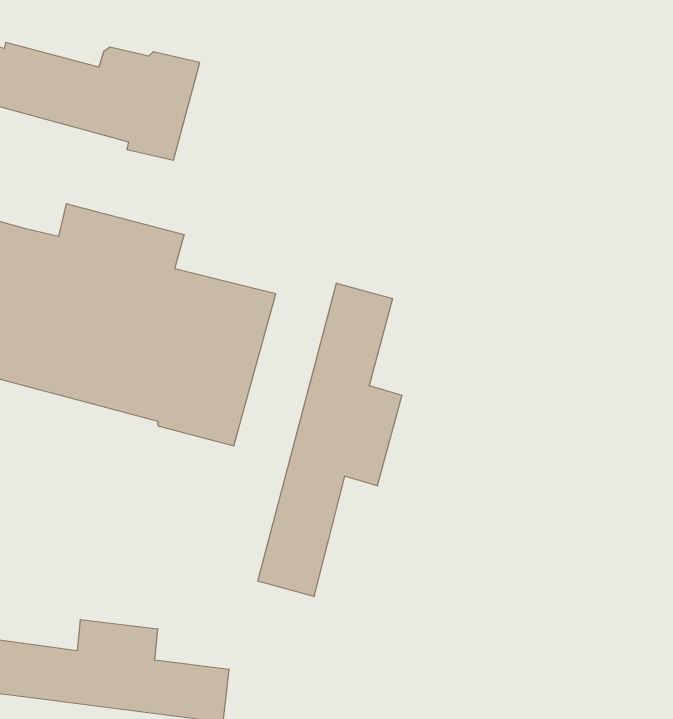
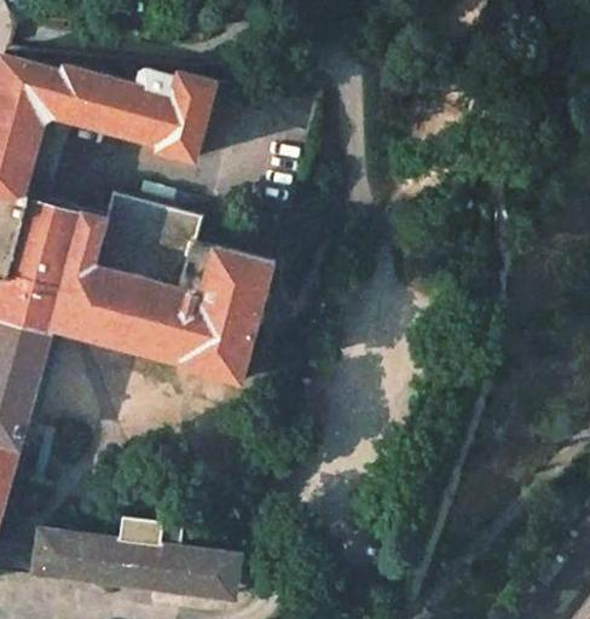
building: [258,283,402,597] -> none

